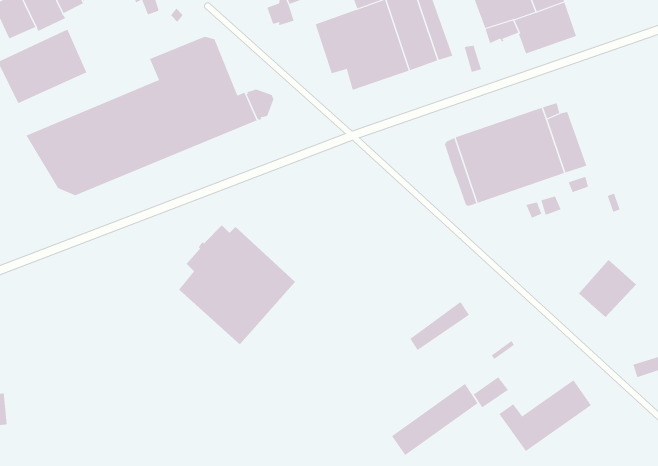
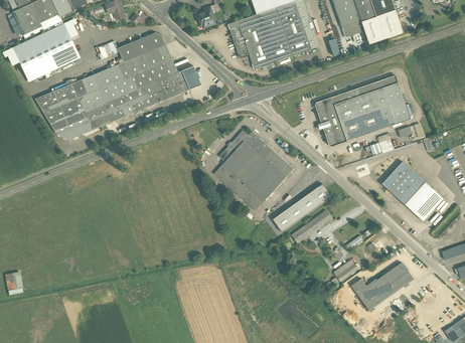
building: [178,225,296,345] -> [213,130,292,210]
building: none -> [380,161,424,204]
building: [391,383,478,456] -> [272,183,330,231]

